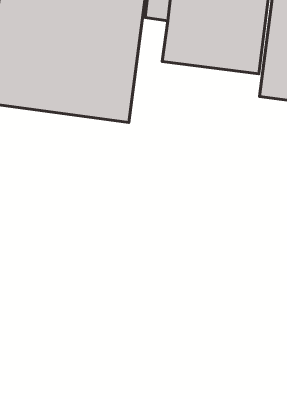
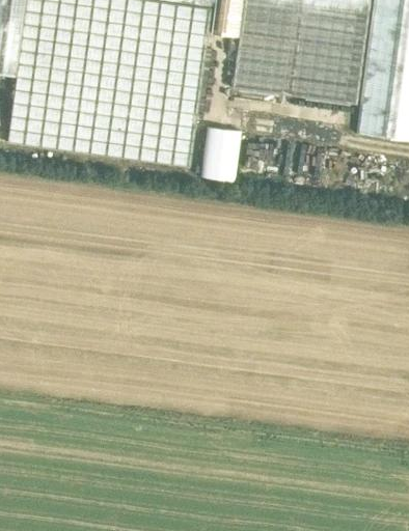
building: none -> [199,127,240,180]

